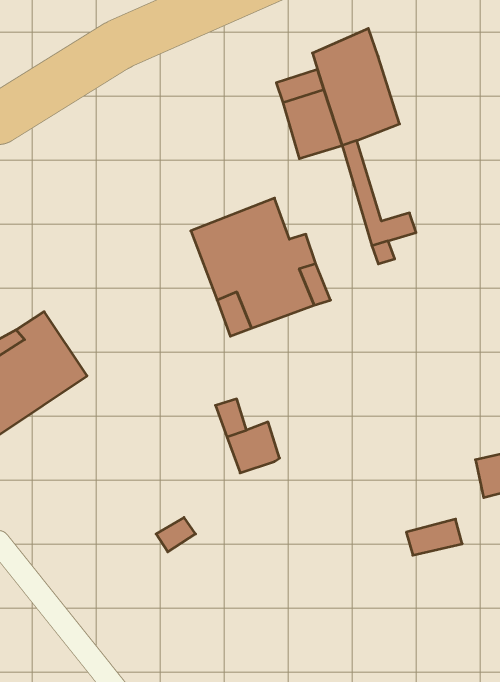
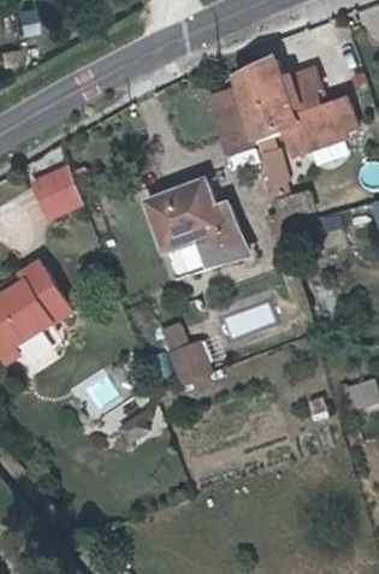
building: none -> [284,66,360,154]
building: none -> [31,166,79,215]

